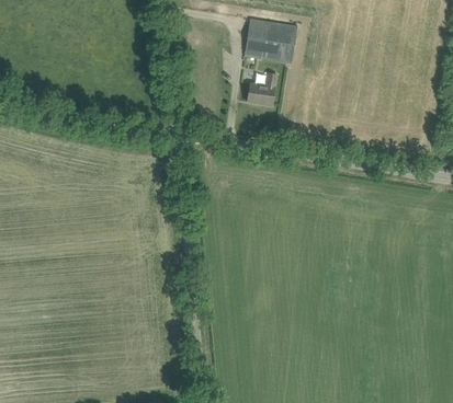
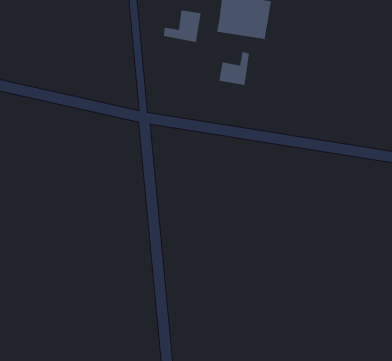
building: none -> [163,10,201,43]

